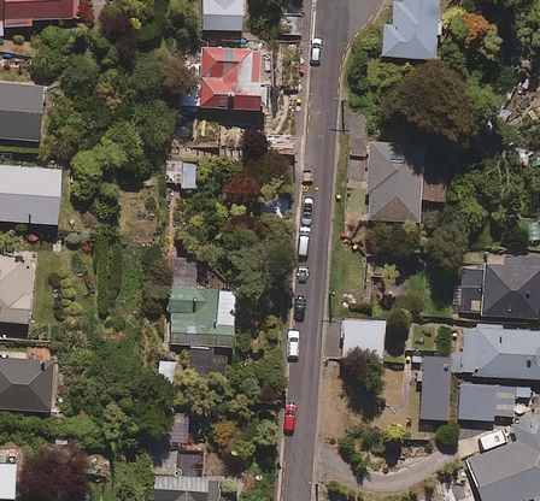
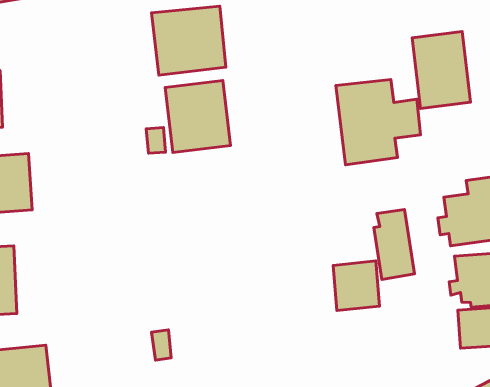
building: none -> [412,32,471,108]
building: none -> [165,80,231,152]
building: [169,267,237,372] -> none
building: [417,355,451,420] -> [374,210,415,279]

